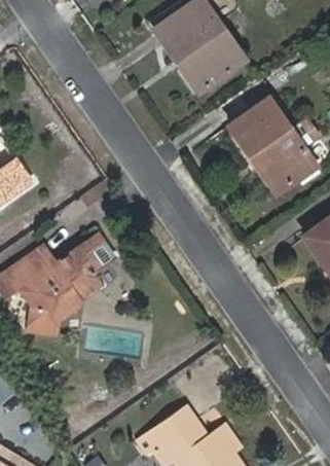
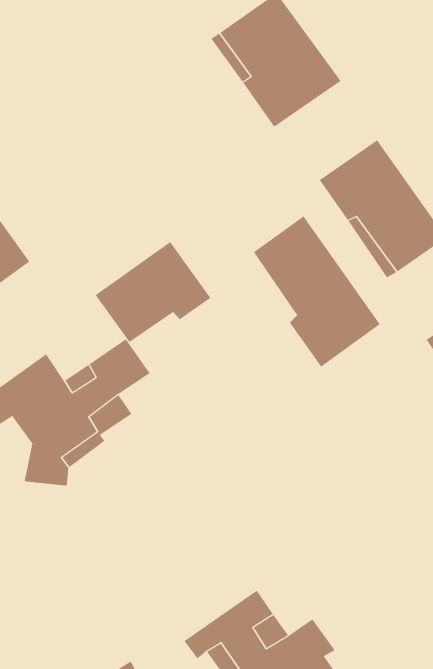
building: none -> [253,215,381,367]
building: none -> [95,241,211,343]

